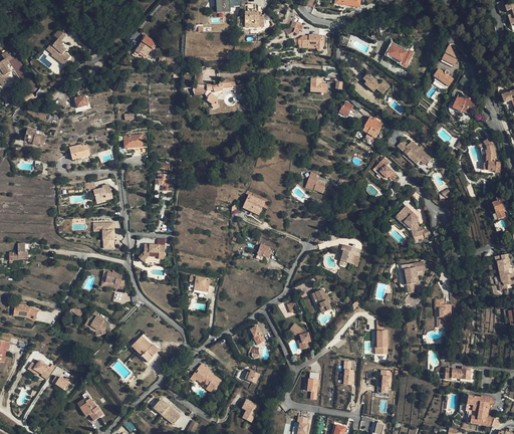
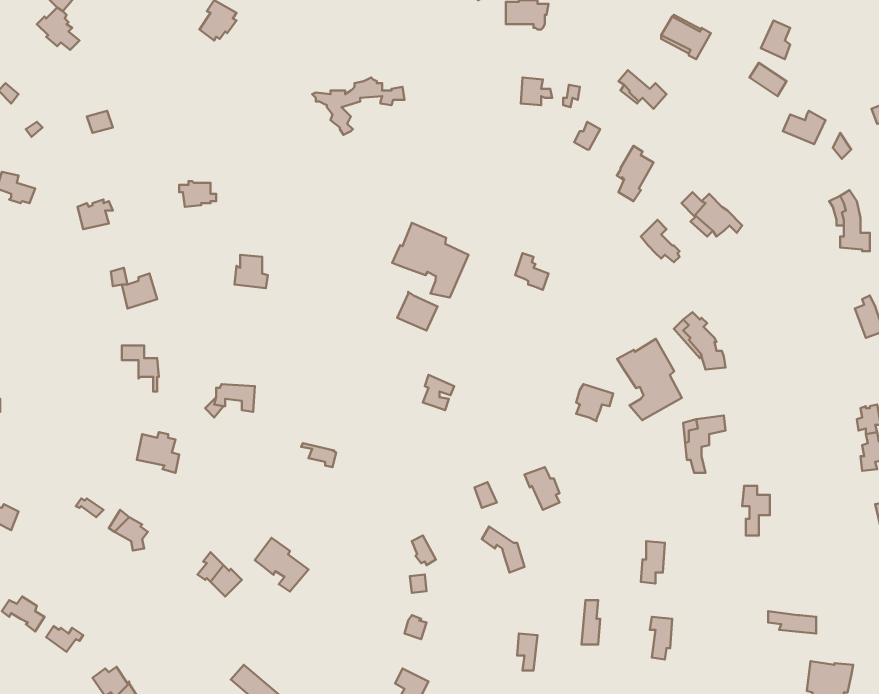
building: none -> [392,223,468,298]
building: none -> [617,339,682,420]
building: [194,365,223,394] -> [255,538,308,592]

